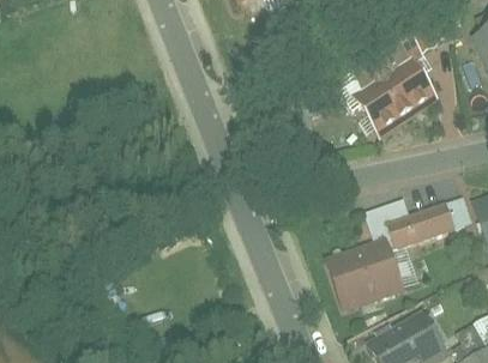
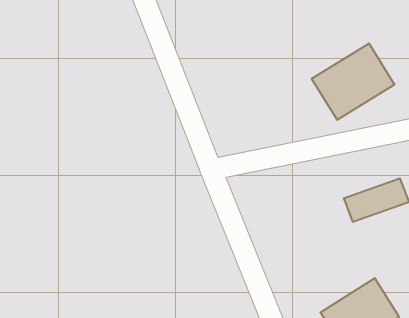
building: [323,231,410,309] -> none

